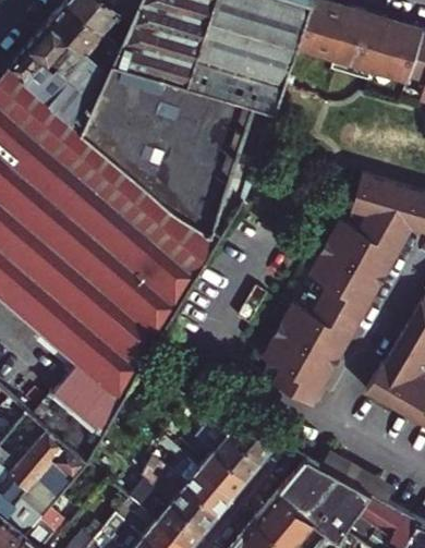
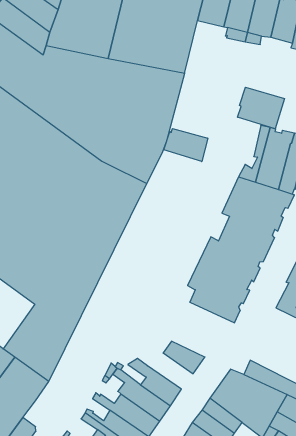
building: none -> [238,87,284,129]
building: none -> [164,129,208,162]
building: [202,419,260,479] -> none

